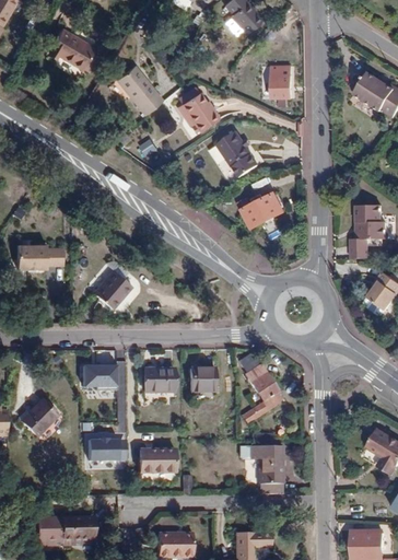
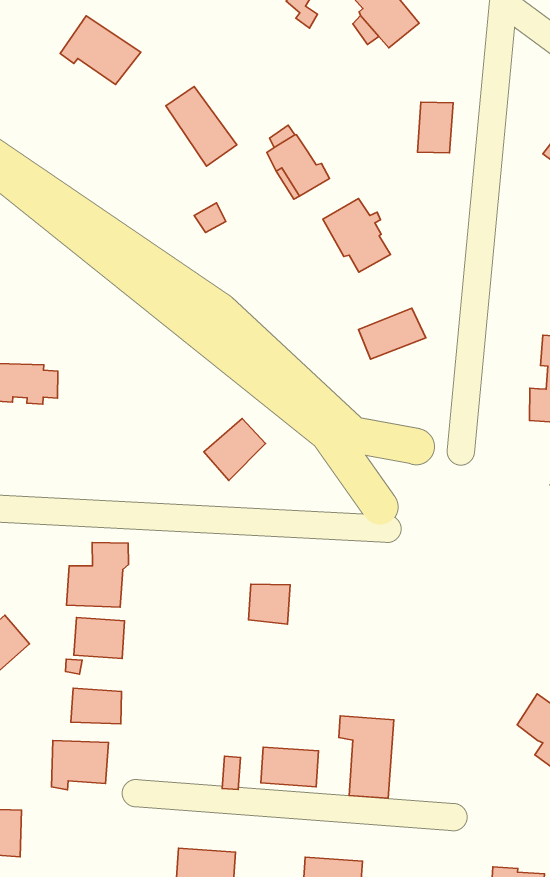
building: [97,272,134,311] -> [204,418,266,480]
building: [241,364,282,424] -> none
building: [143,369,173,392] -> [74,618,125,658]
building: [139,450,173,471] -> [261,747,319,787]
building: [59,515,93,546] -> [51,740,108,790]

